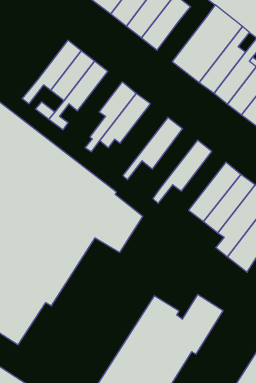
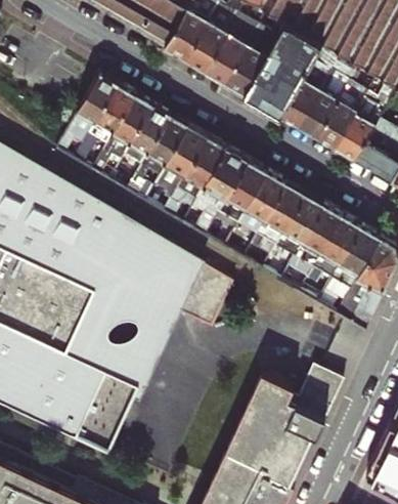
building: none -> [225,33,277,95]
building: none -> [70,75,118,137]
building: none -> [126,117,188,203]
building: none -> [191,149,248,238]
building: none -> [231,173,286,247]
building: none -> [269,196,323,268]

